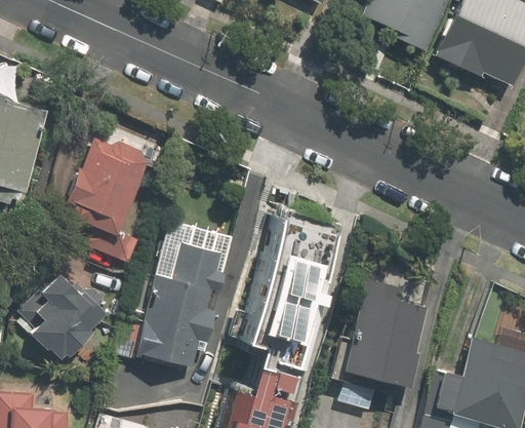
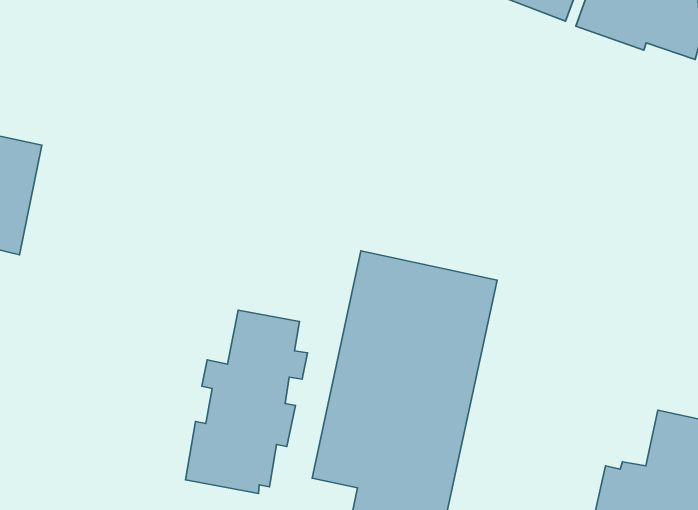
building: [55,132,150,266] -> none
building: [16,268,107,357] -> none
building: [342,281,430,384] -> none

